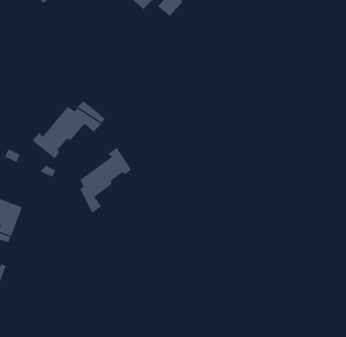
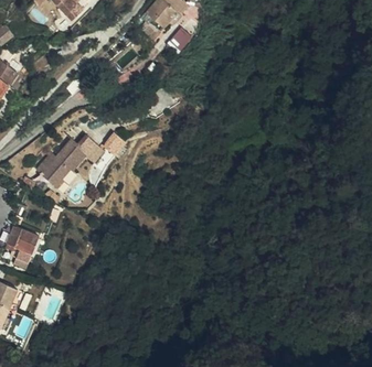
building: [79,147,132,214] -> none

